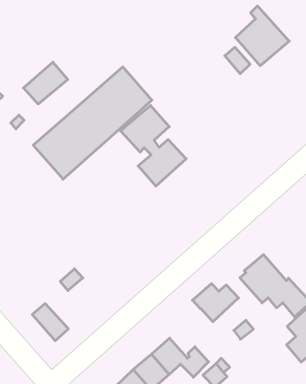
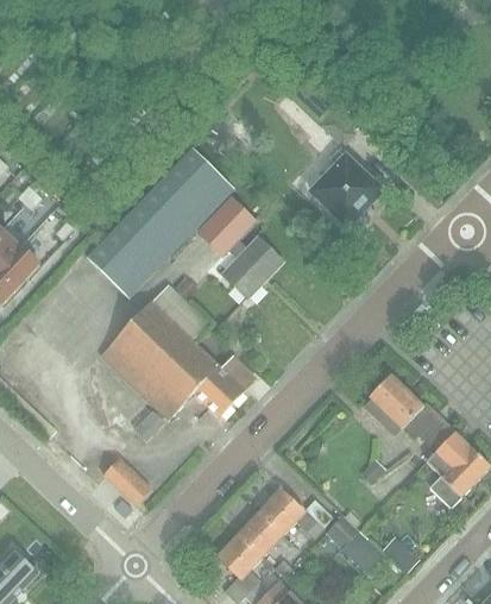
building: [235,6,289,66] -> [313,149,382,225]
building: [23,62,68,104] -> none
building: none -> [101,276,257,420]
building: [192,284,239,322] -> none

